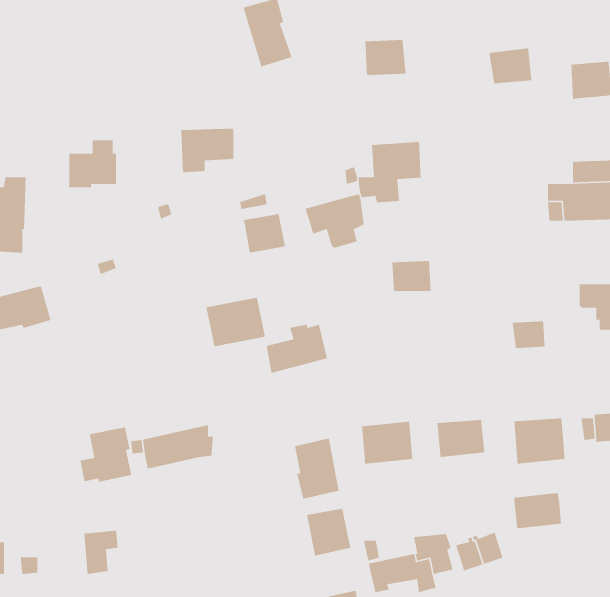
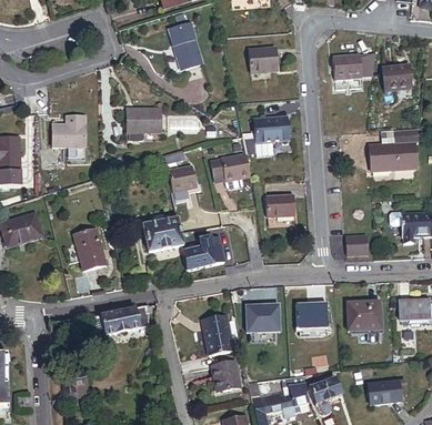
building: none -> [73,229,103,270]
building: [79,426,132,482] -> none
building: [513,492,562,529] -> [369,378,401,403]

